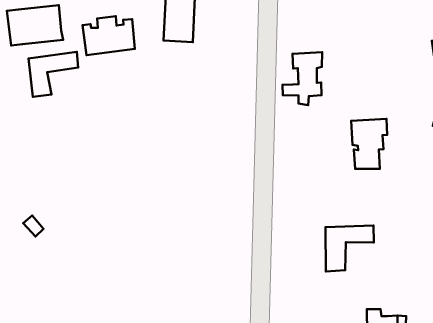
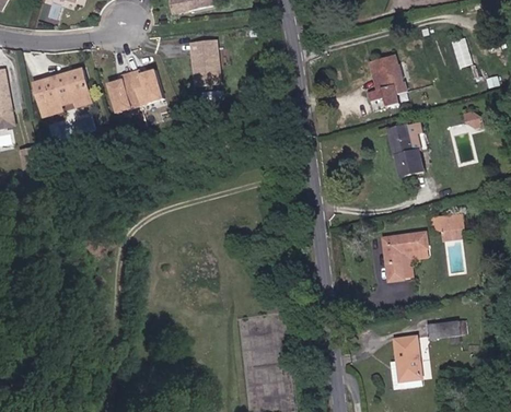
building: [29,52,78,97] -> none
building: [282,52,322,105] -> [364,51,404,105]
building: none -> [438,211,465,236]

